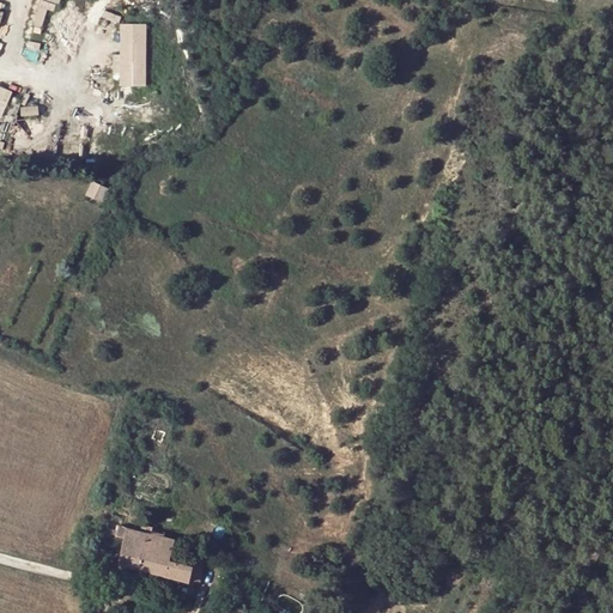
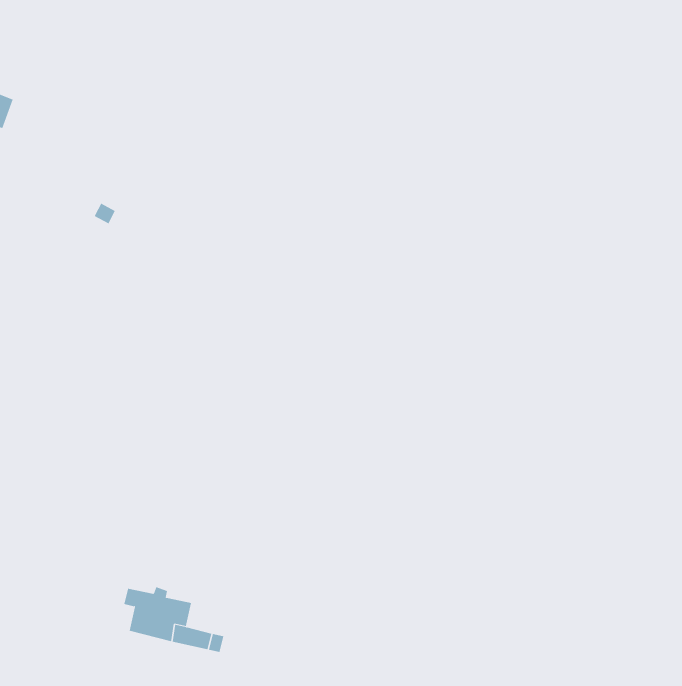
building: [119,25,145,86] -> none

